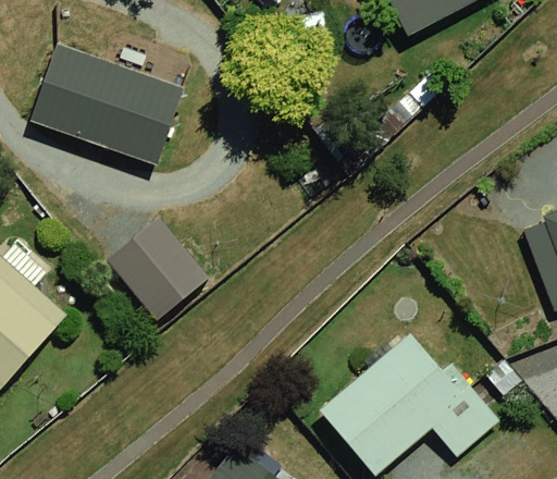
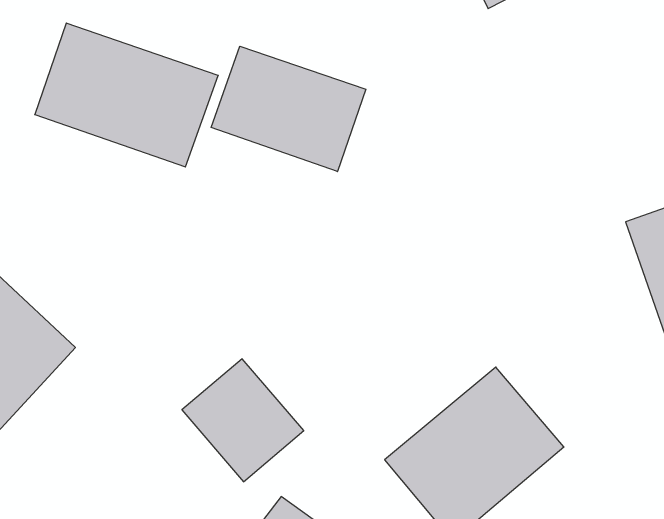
building: none -> [211,46,366,172]
building: [110,218,211,320] -> [182,359,304,482]

